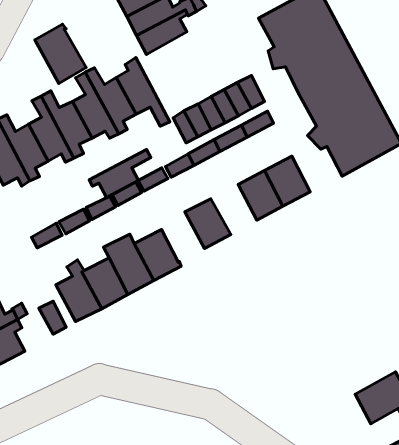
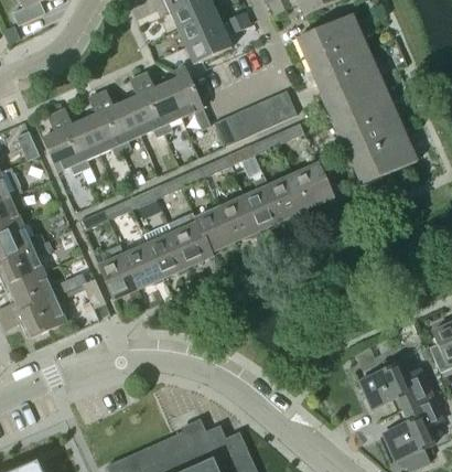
building: [35,24,86,83] -> none
building: [89,150,151,197] -> none
building: none -> [243,186,282,230]
building: none -> [194,207,234,253]

